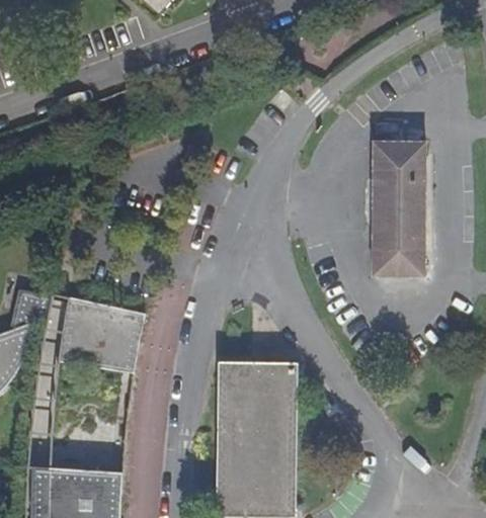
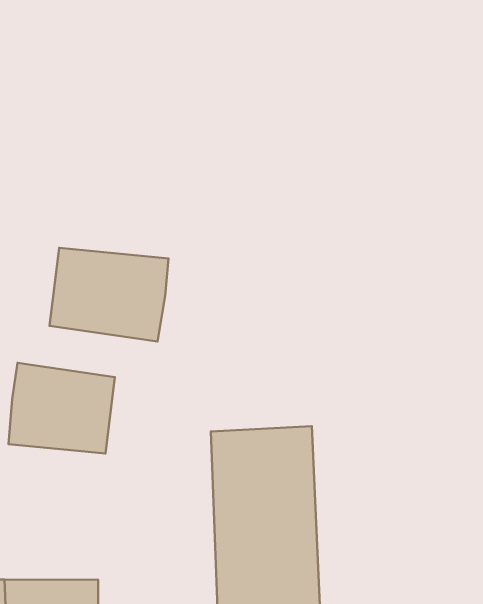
building: [366,142,418,275] -> none
building: none -> [50,248,169,341]

